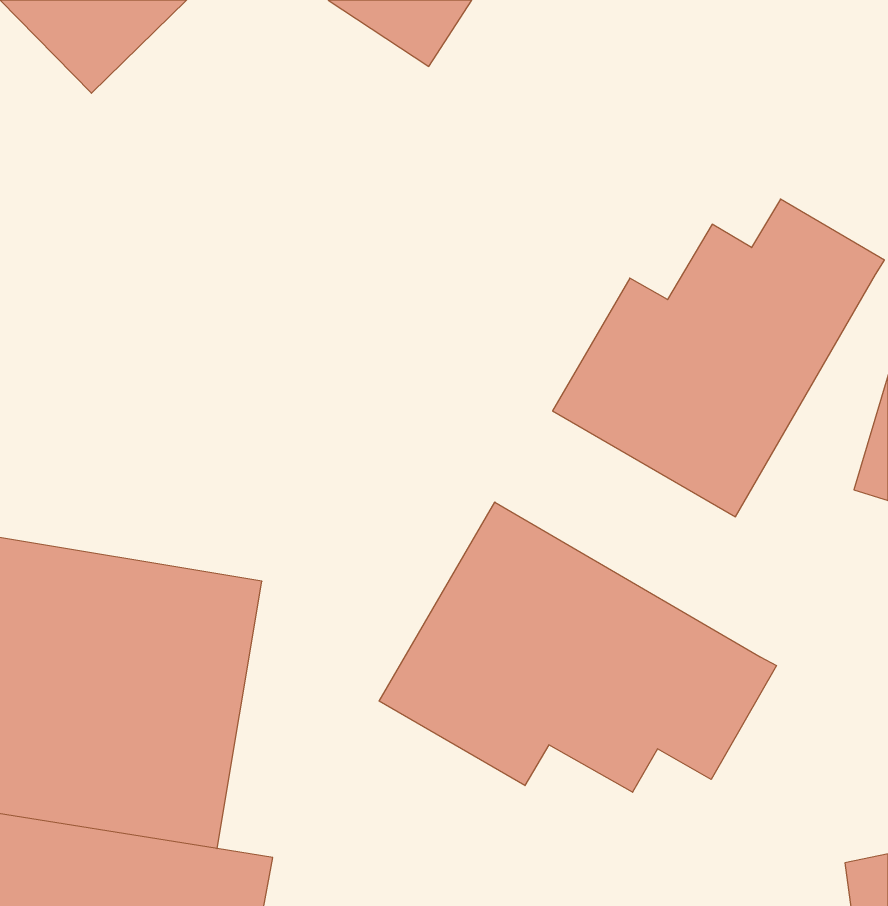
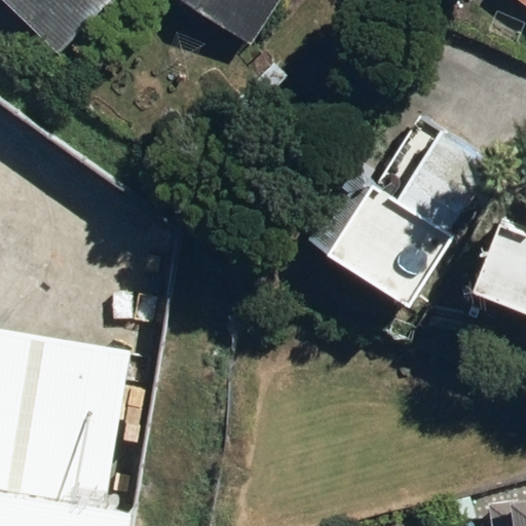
building: [379,502,776,792] -> none

